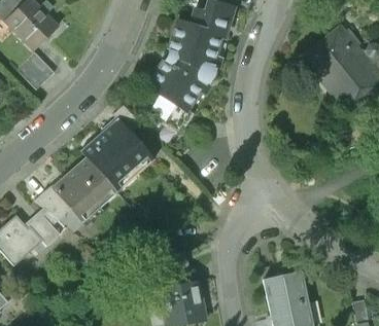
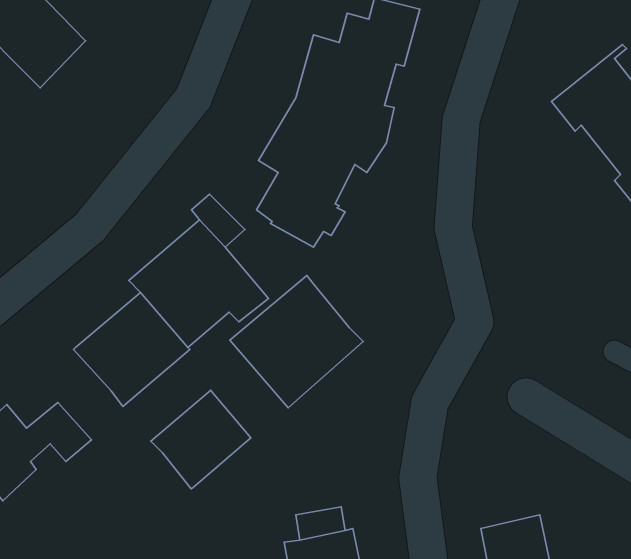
building: [19,49,55,86] -> none
building: none -> [230,275,363,408]
building: [34,183,71,217] -> none
building: none -> [151,390,251,489]

